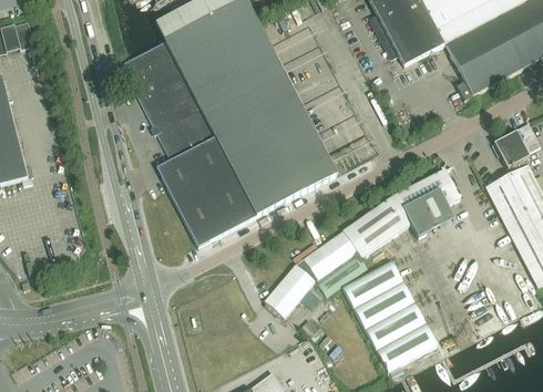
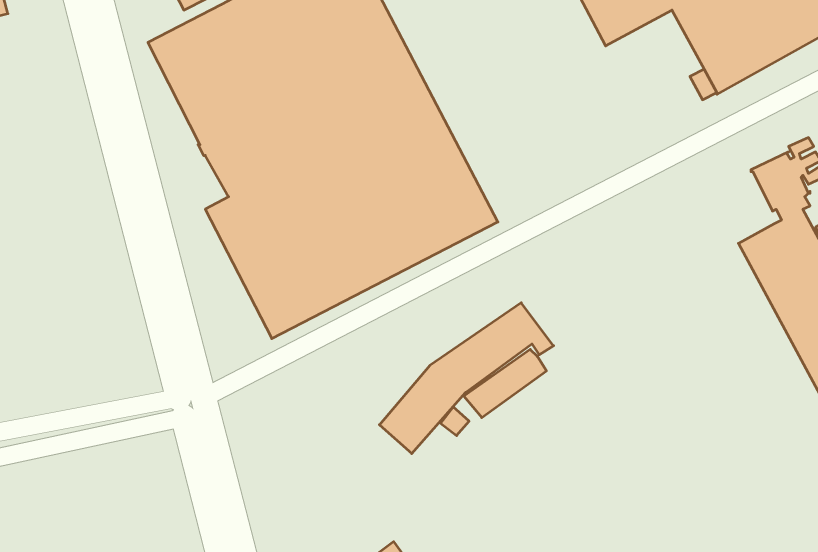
building: [351,167,460,250] -> none
building: [342,260,437,370] -> none

